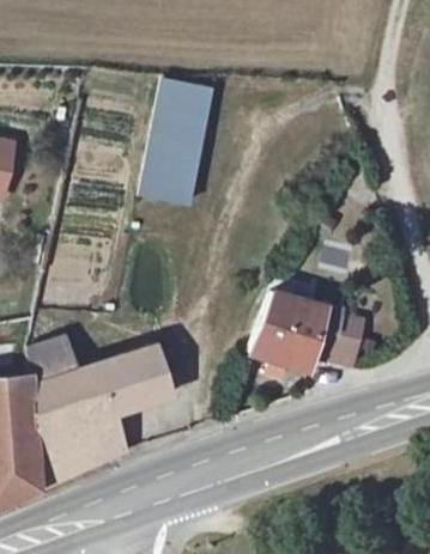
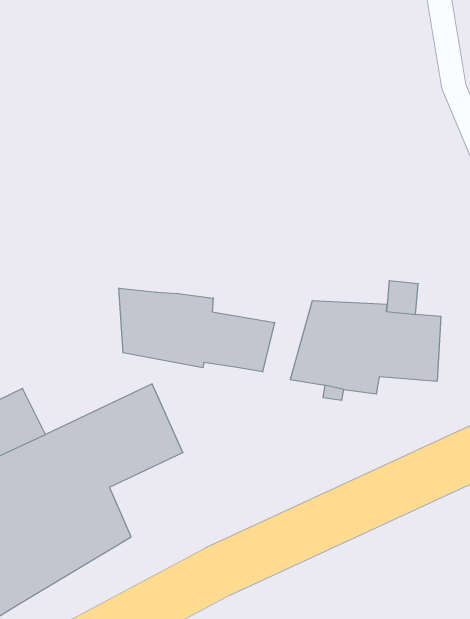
building: [141,81,210,197] -> none
building: none -> [119,288,274,372]

